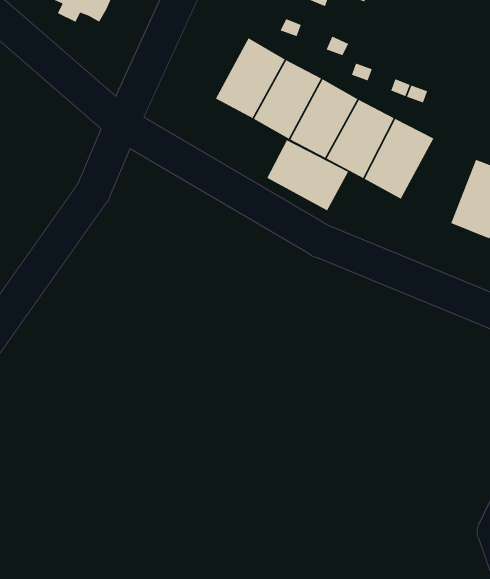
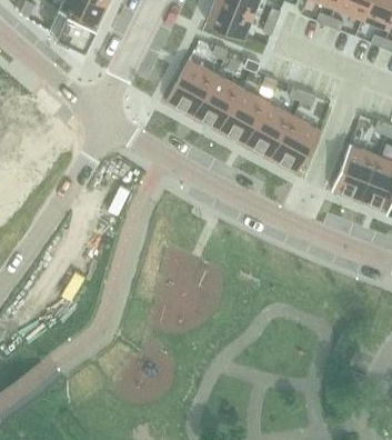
building: [266,139,349,212] -> none

